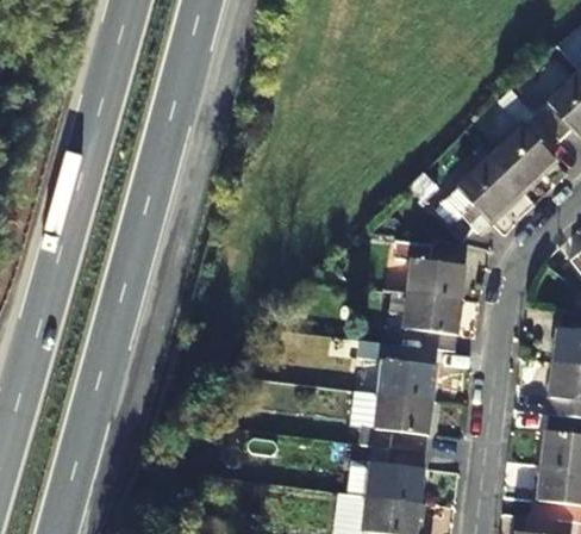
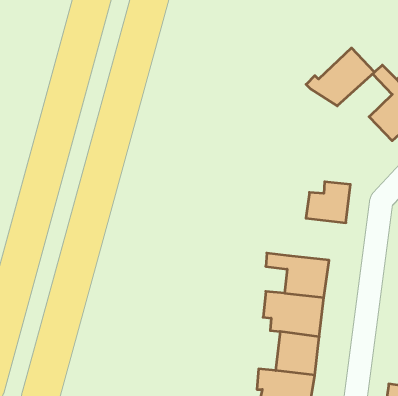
building: [433,157,525,235] -> [306,48,375,106]
building: [387,292,463,352] -> none

